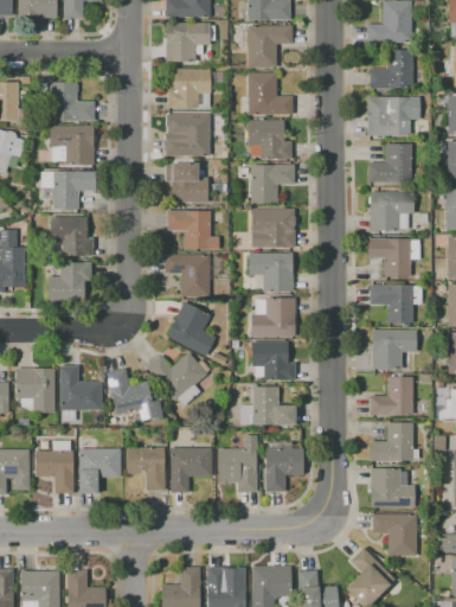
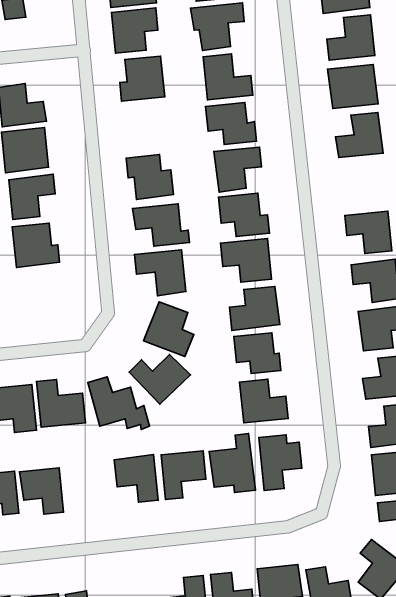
building: [166,114,210,155] -> none
building: [370,191,413,230] -> none
building: [49,263,90,302] -> none
building: [78,448,120,494] -> none

